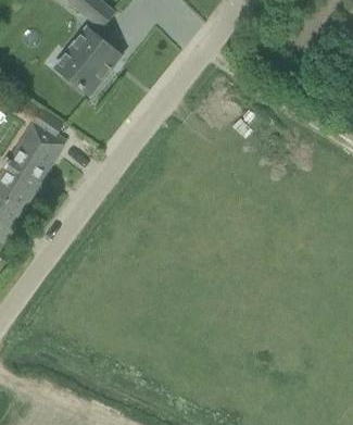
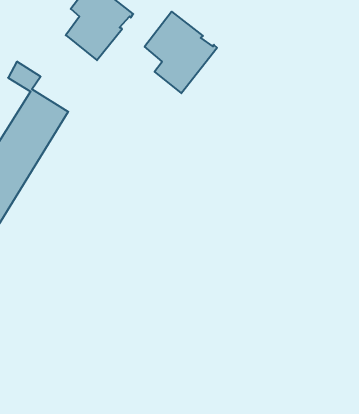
building: none -> [145,12,217,93]

